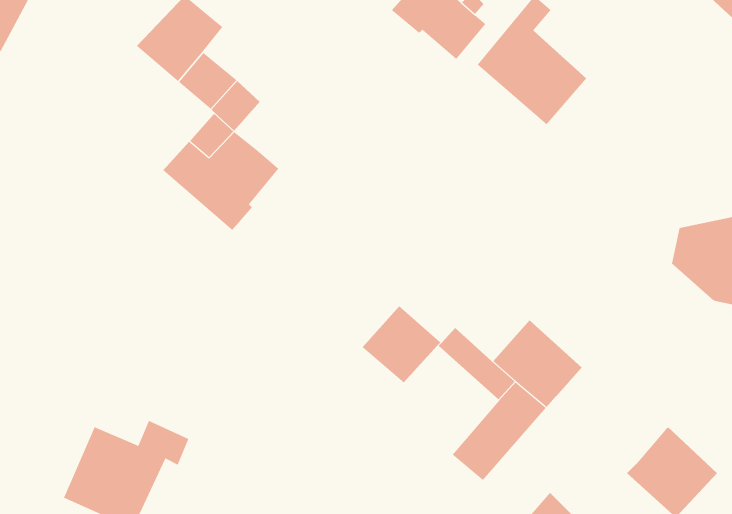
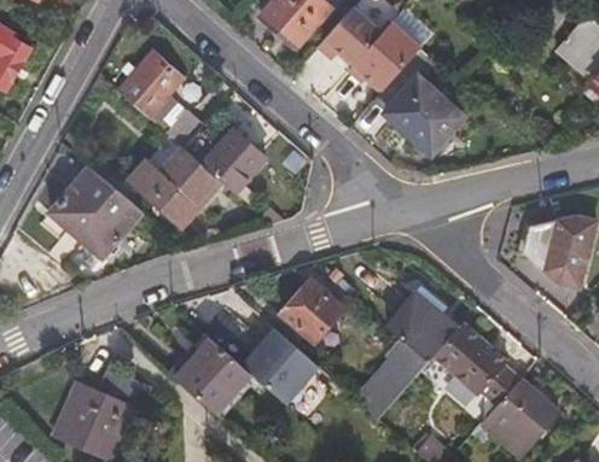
building: none -> [205,130,266,192]
building: none -> [45,165,140,264]
building: none -> [256,322,332,397]
building: none -> [436,326,521,408]
building: none -> [181,338,257,414]

